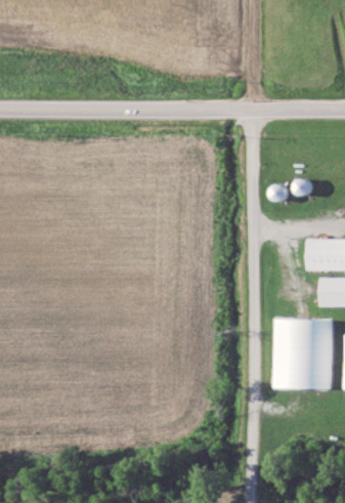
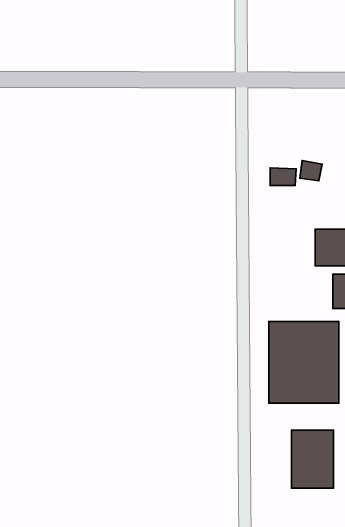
building: none -> [291,430,333,488]

